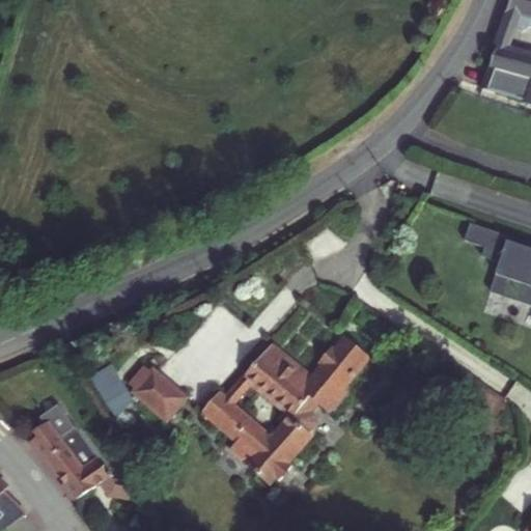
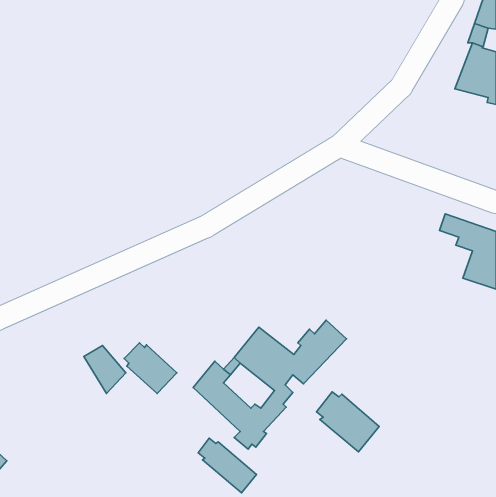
building: [37,407,135,501] -> none
building: none -> [317,392,379,452]
building: none -> [198,438,256,493]

